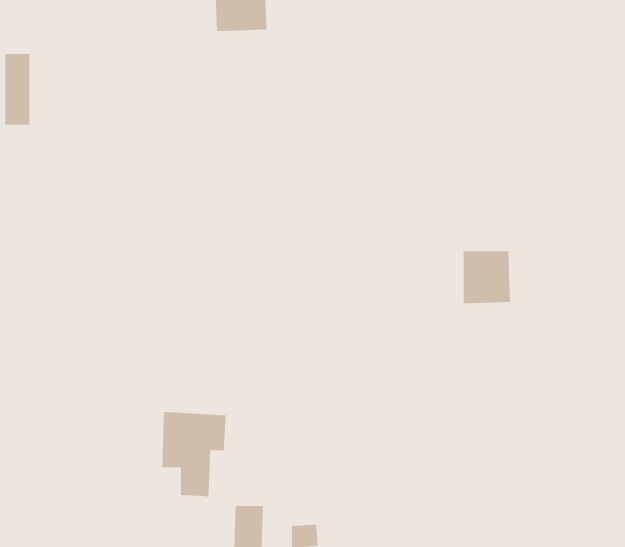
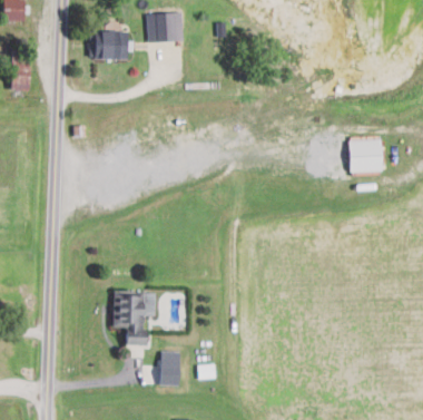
building: none -> [88,31,127,59]
building: [463,251,511,304] -> [350,136,381,170]

